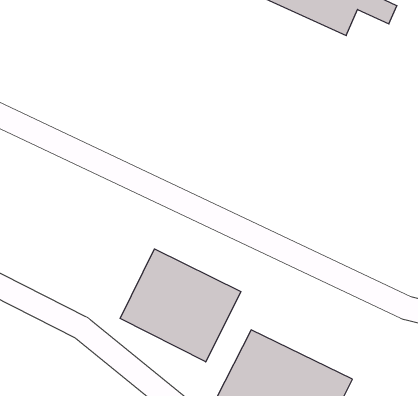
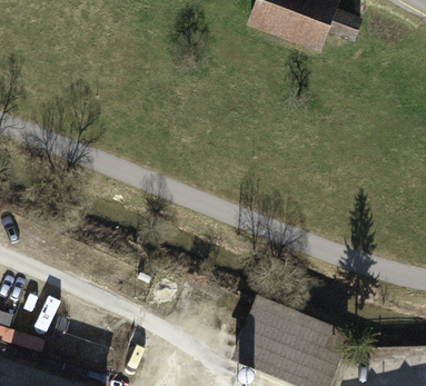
building: [120,249,241,362] -> none

